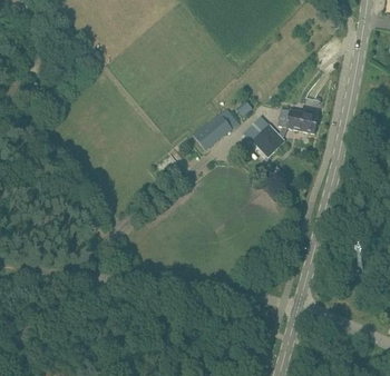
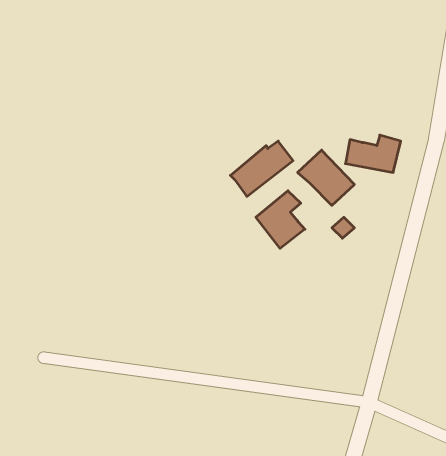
building: none -> [256,191,305,248]

